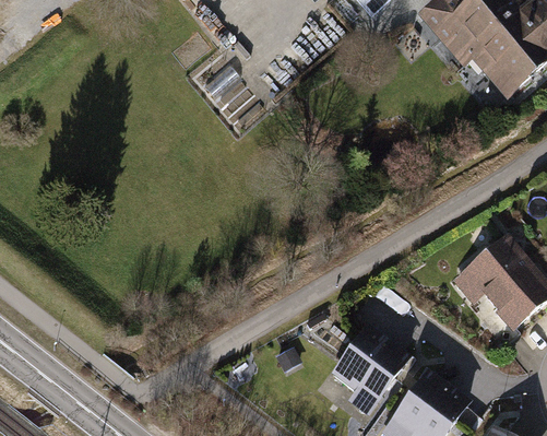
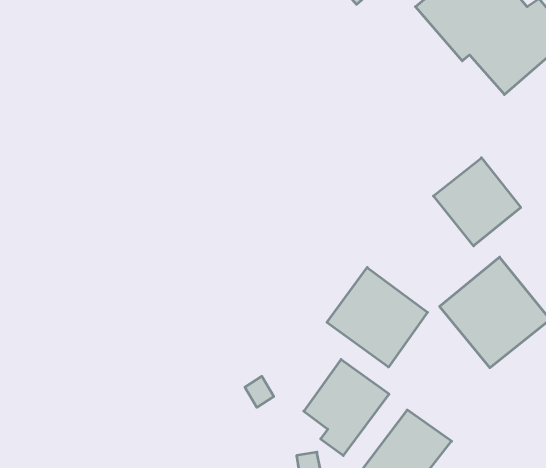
building: none -> [433,158,521,246]
building: none -> [327,267,428,367]

